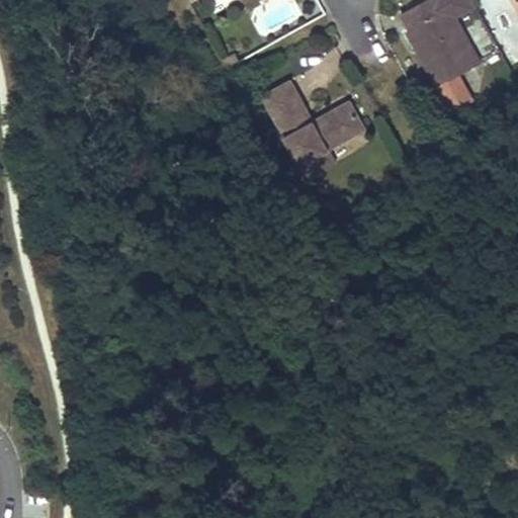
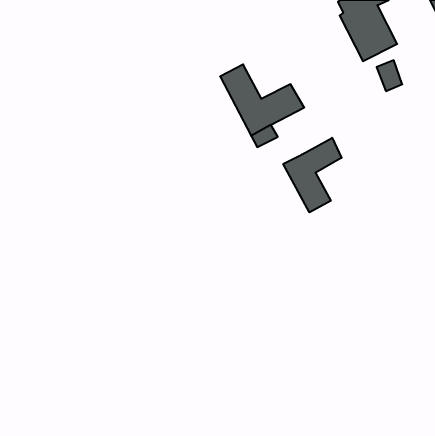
building: none -> [283,138,342,212]

